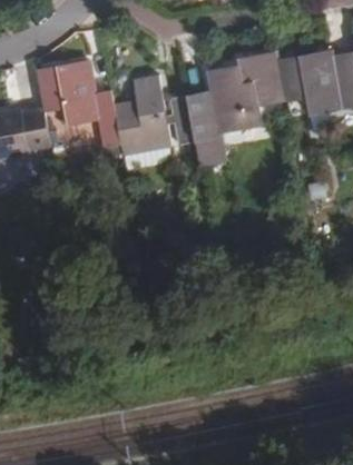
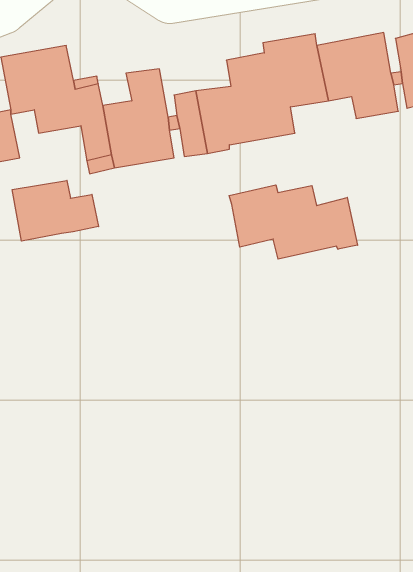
building: none -> [12,180,99,241]
building: none -> [229,185,358,259]

